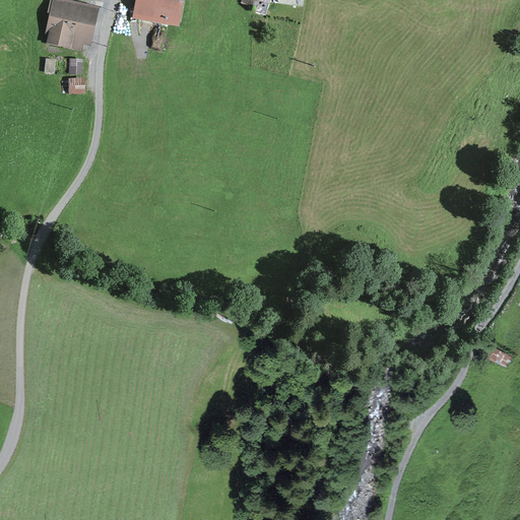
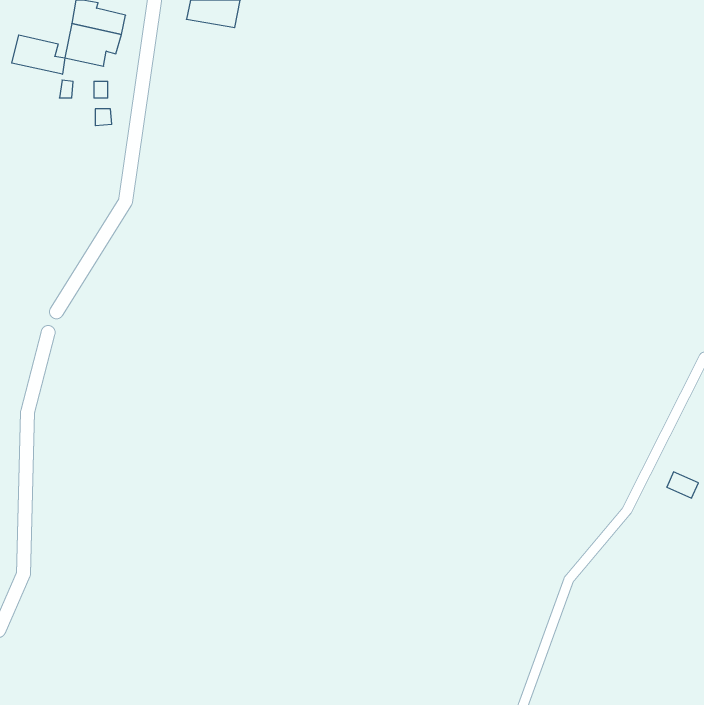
building: none -> [12,35,65,74]

